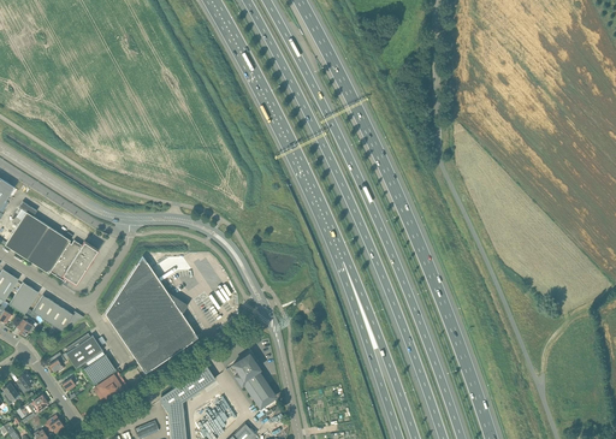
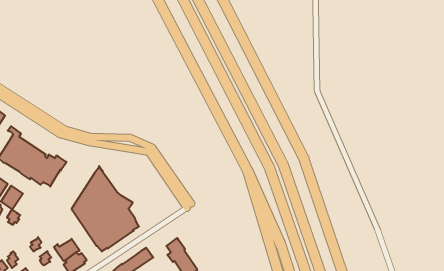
building: [31,295,83,331] -> none
building: [65,333,102,368] -> none

